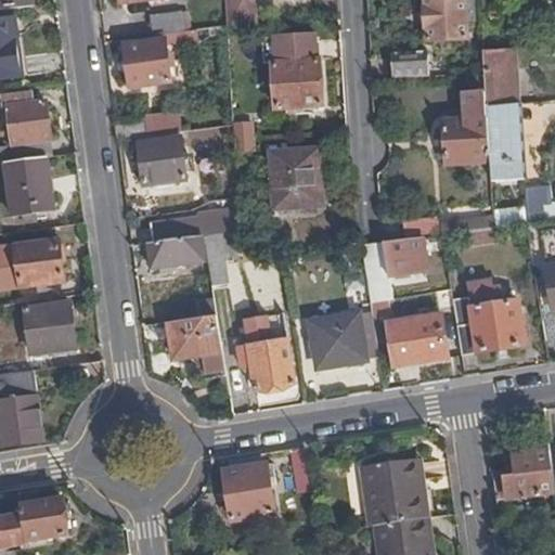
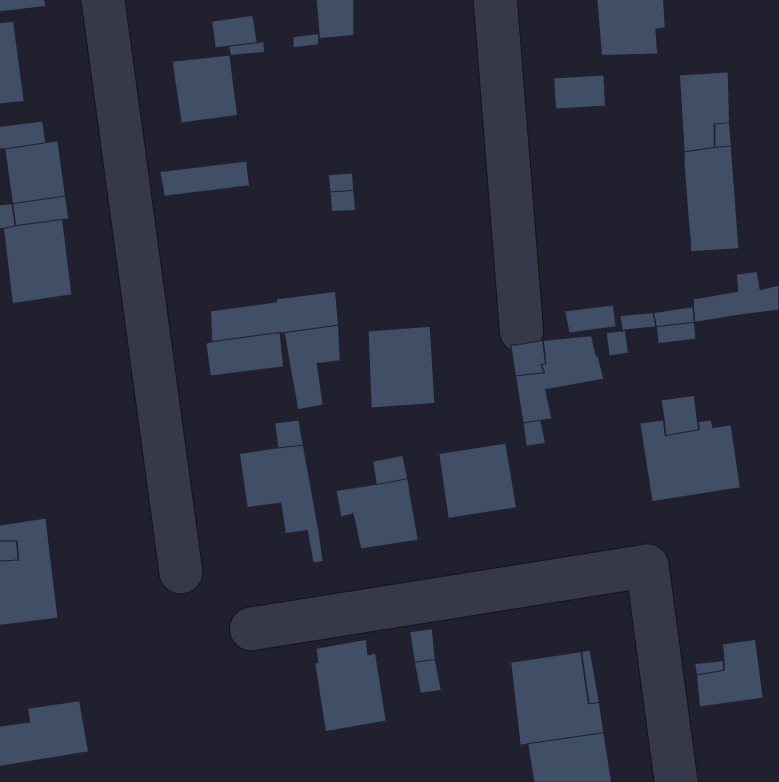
building: [271,41,323,107] -> none
building: [442,117,487,163] -> none
building: [137,137,185,183] -> none
building: [272,150,320,207] -> [368,326,435,408]
building: [12,240,61,286] -> none
building: [23,301,73,352] -> none
building: [387,314,447,364] -> none

